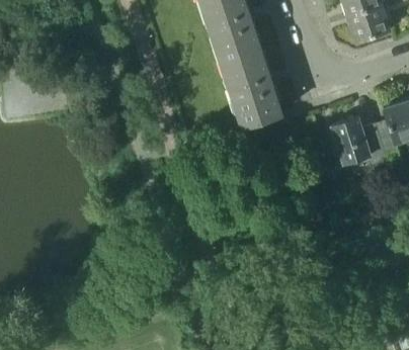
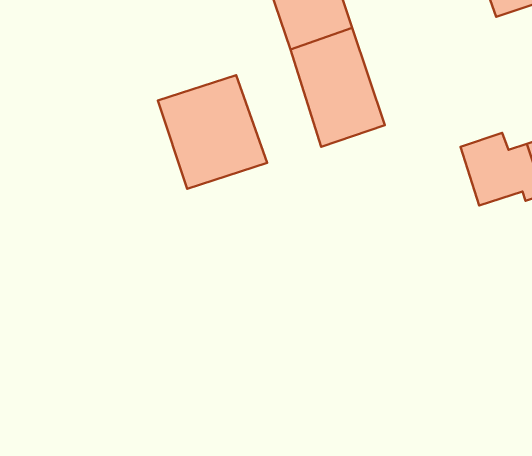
building: none -> [158,75,267,189]

